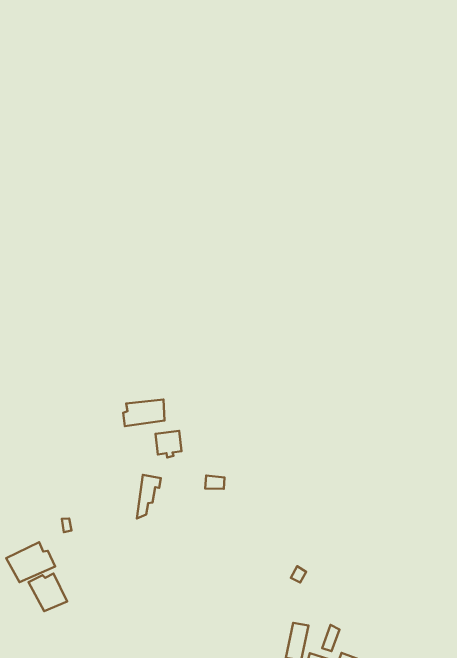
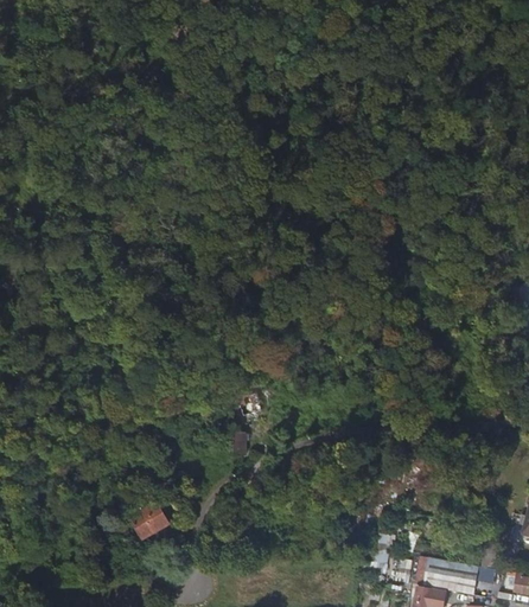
building: [123,399,164,426] -> none
building: [28,574,67,611] -> none

